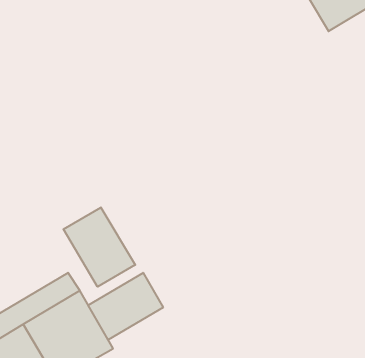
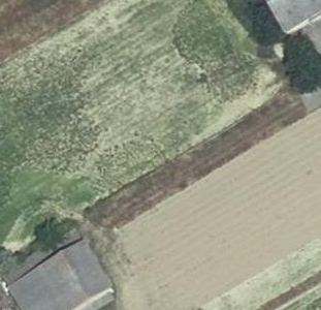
building: [63,207,135,287] -> none
building: [88,273,163,340] -> none

